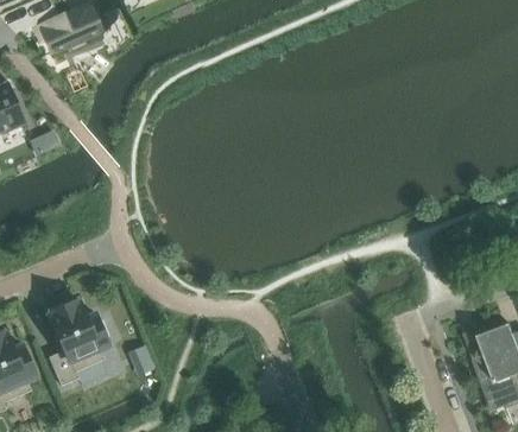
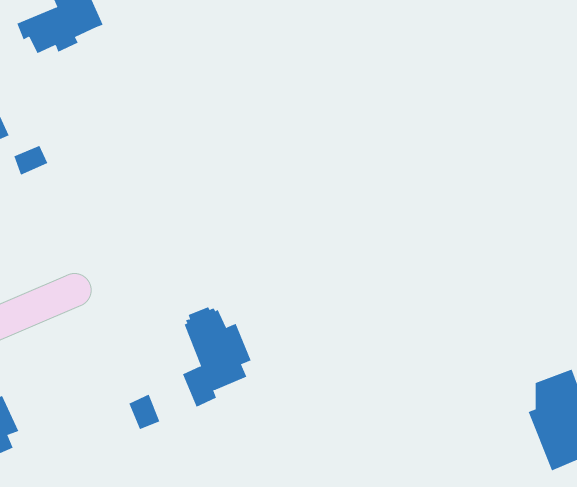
building: [50,299,109,386] -> [182,306,251,407]

